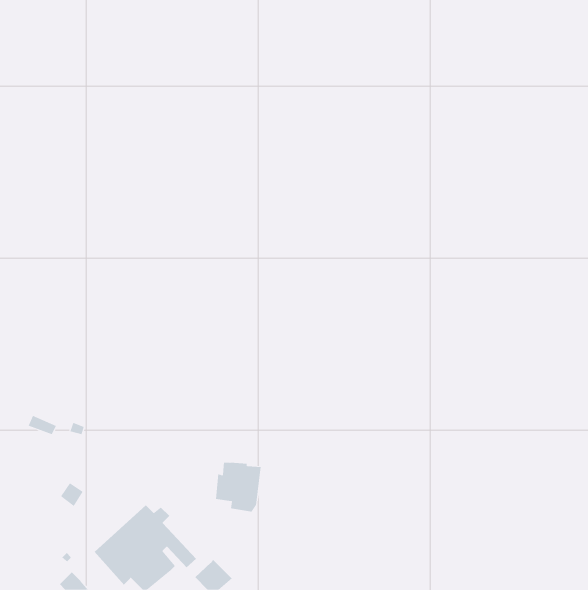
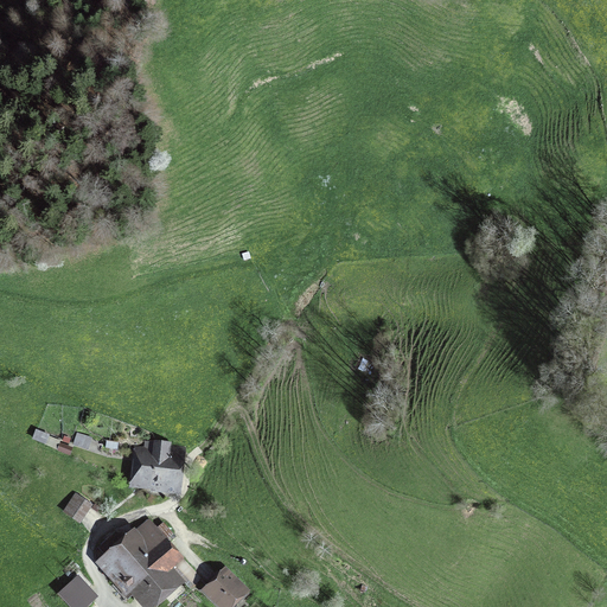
building: [215,462,261,512] -> [134,441,181,492]

